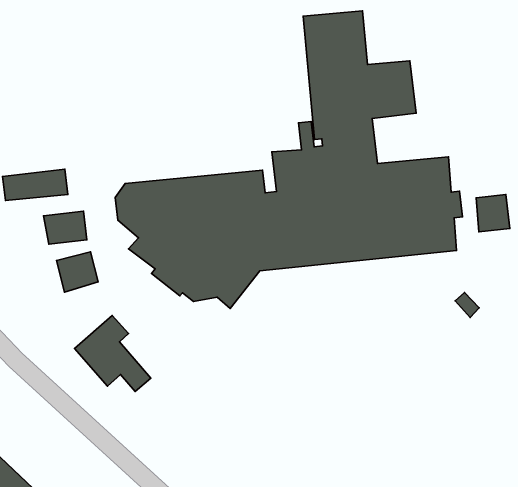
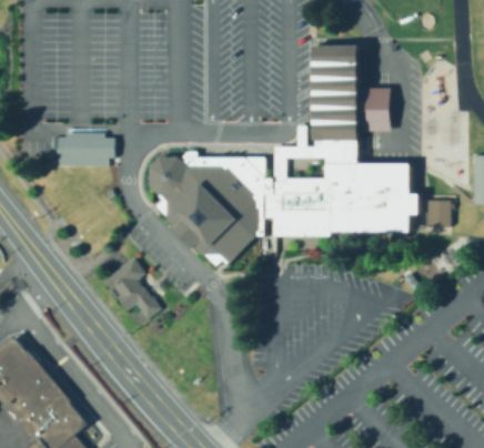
building: [44,211,87,244] -> none
building: [56,252,98,292] -> none

